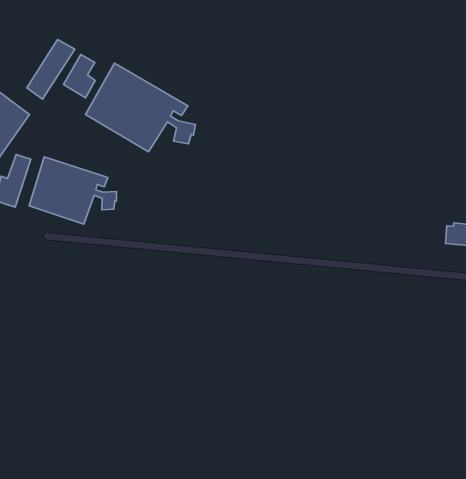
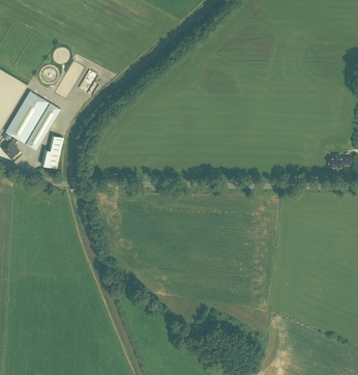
building: [85,63,196,152] -> none
building: [29,157,117,224] -> none

